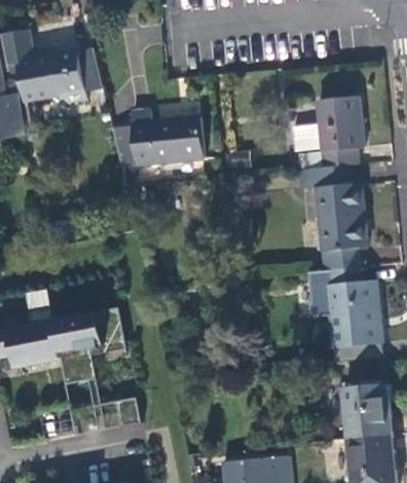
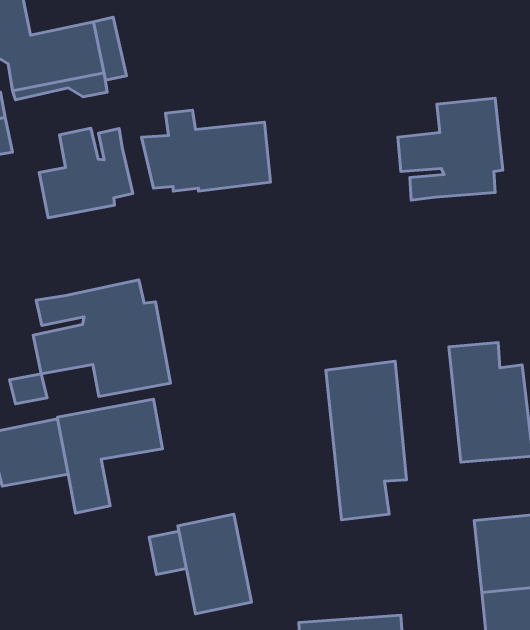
building: none -> [39,128,133,218]
building: [314,164,365,270] -> none
building: none -> [33,280,171,397]
building: none -> [326,361,406,520]
building: none -> [178,514,251,614]

